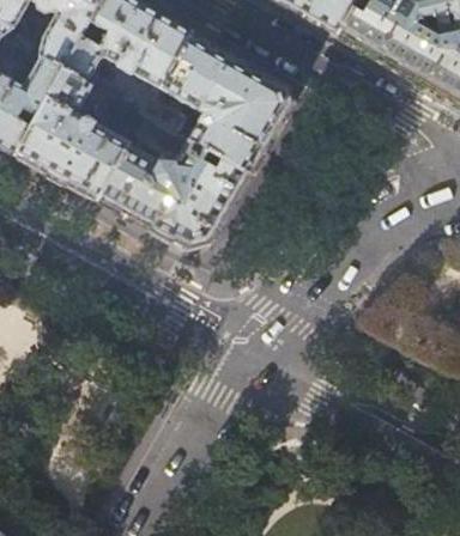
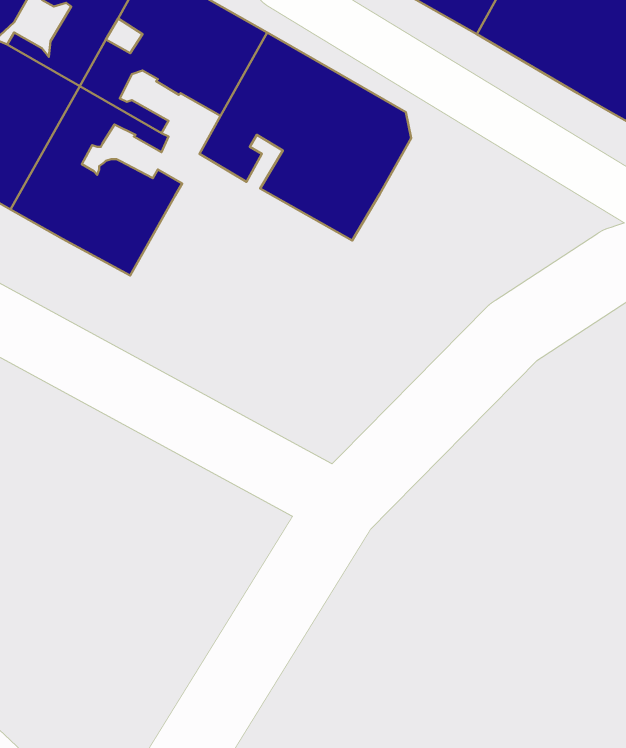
building: [92,112,246,244] -> none

